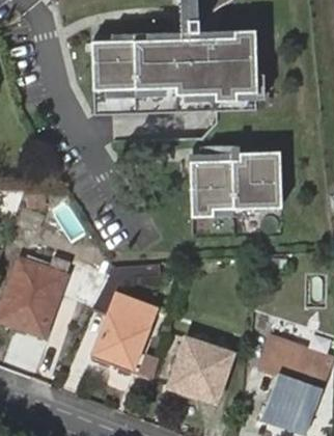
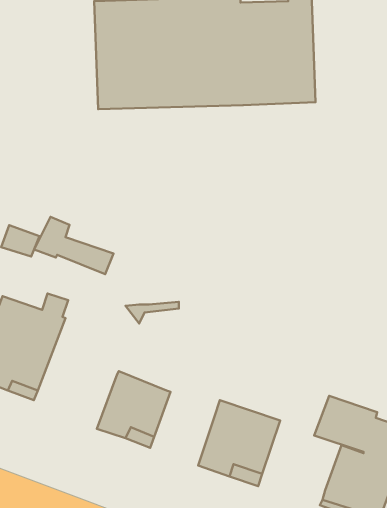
building: [191,147,283,215] -> none
building: [91,285,151,329] -> [34,217,113,274]

